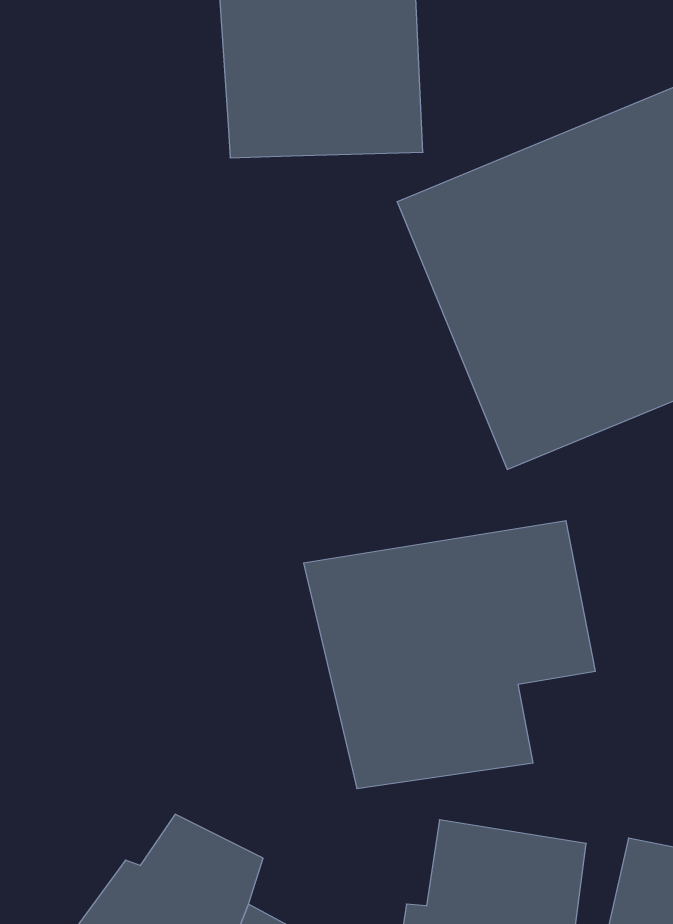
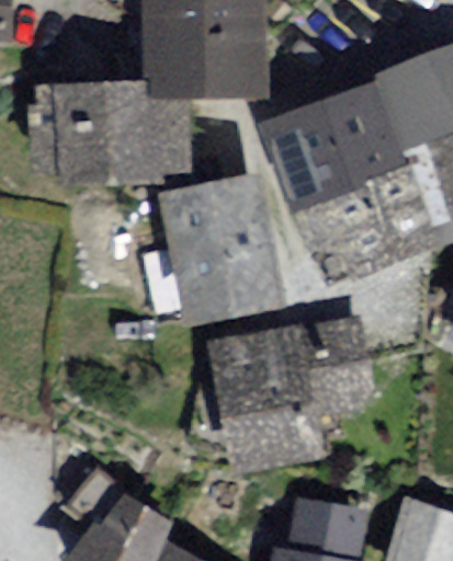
building: none -> [32,79,197,187]
building: none -> [160,170,294,323]

